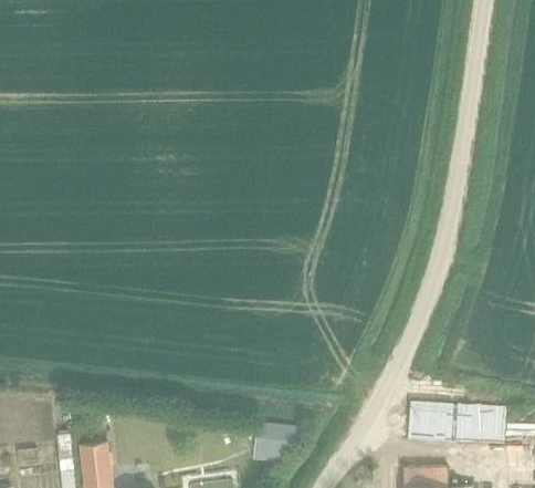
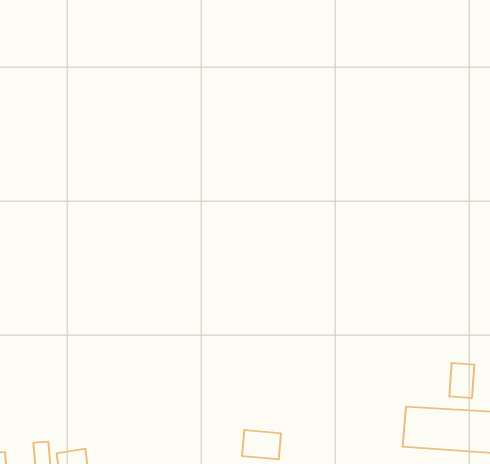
building: none -> [449,363,474,398]

